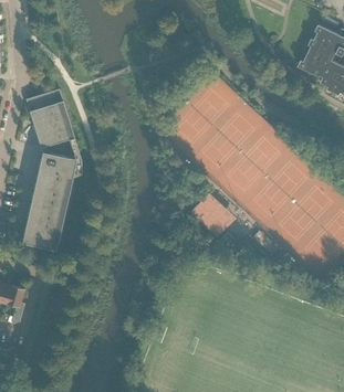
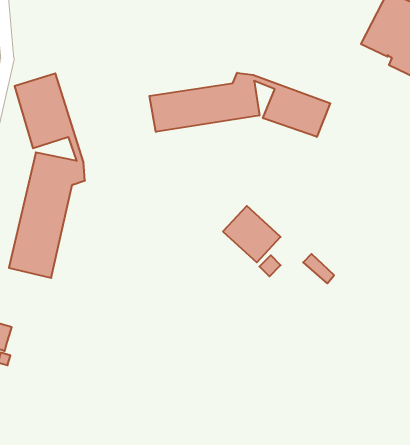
building: none -> [149,73,330,137]

